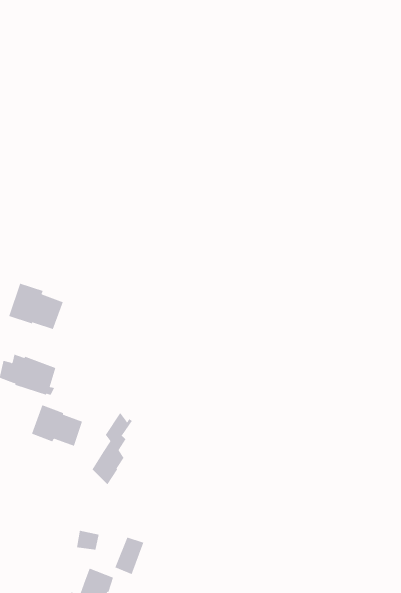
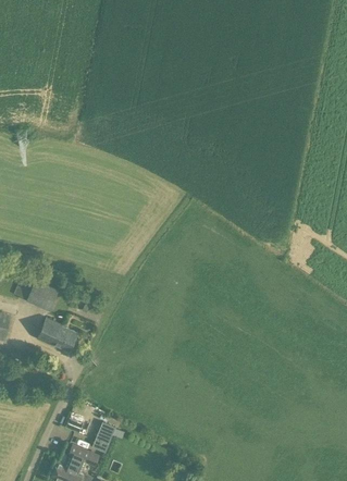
building: [8,283,64,330] -> none
building: [92,412,134,485] -> none

